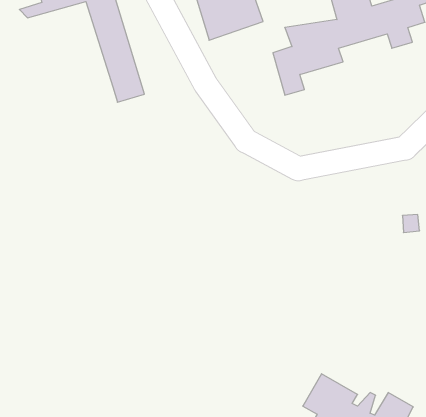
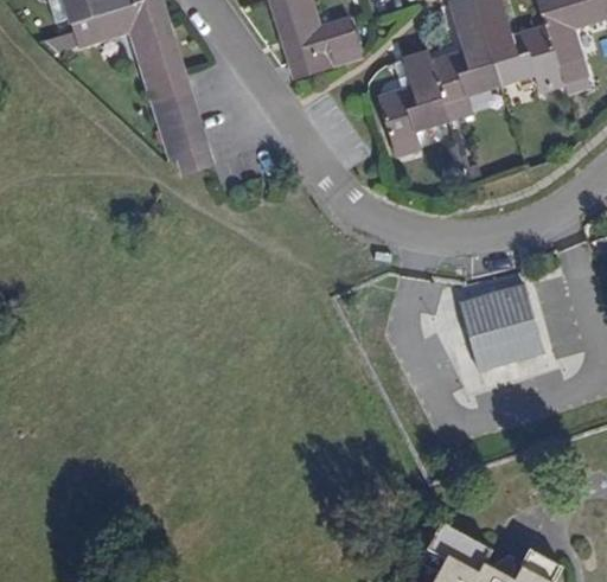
building: none -> [458,283,550,390]

